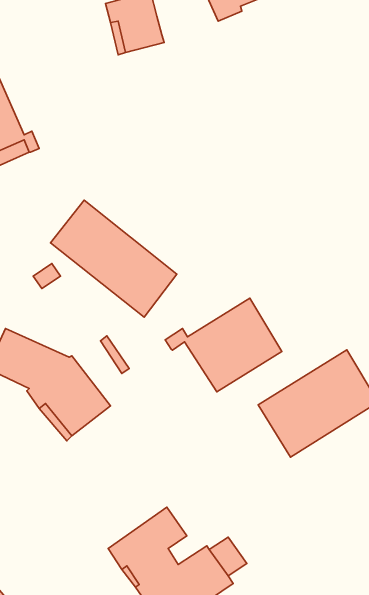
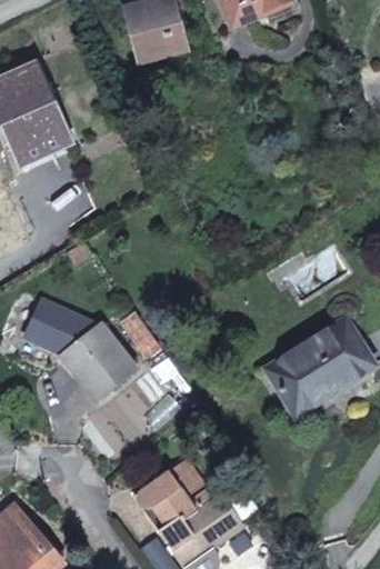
building: [50,200,177,317] -> none
building: [165,298,282,392] -> none

